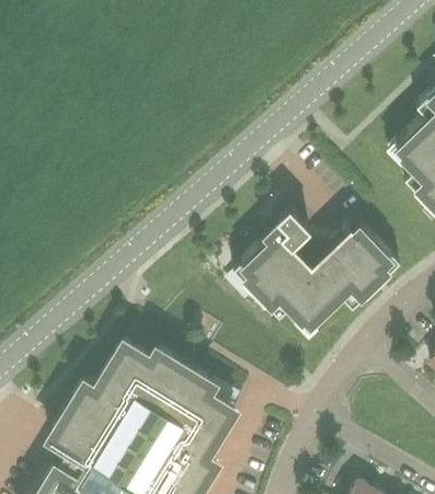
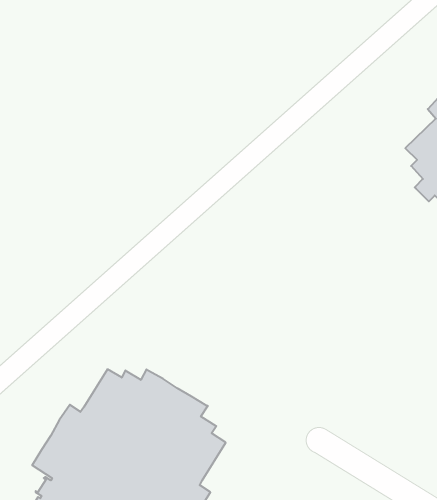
building: [233,211,399,330] -> none

